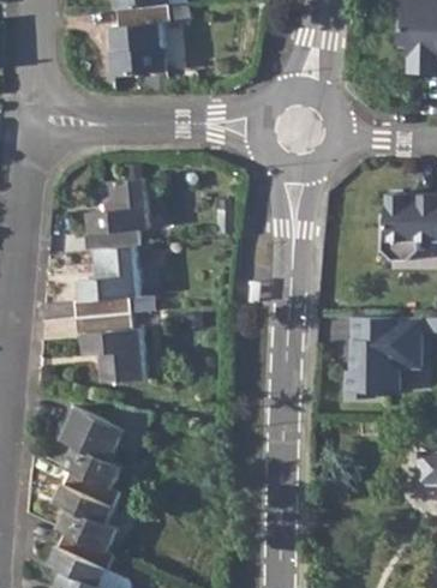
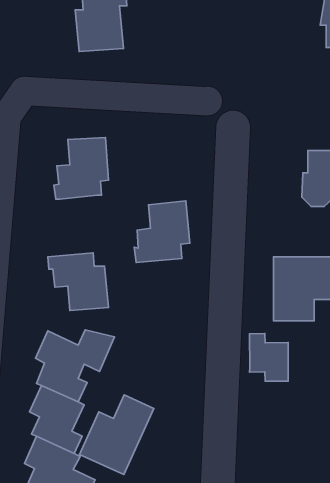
building: [74,246,140,319] -> [134,201,190,262]
building: none -> [250,334,288,381]
building: none -> [80,395,154,475]

